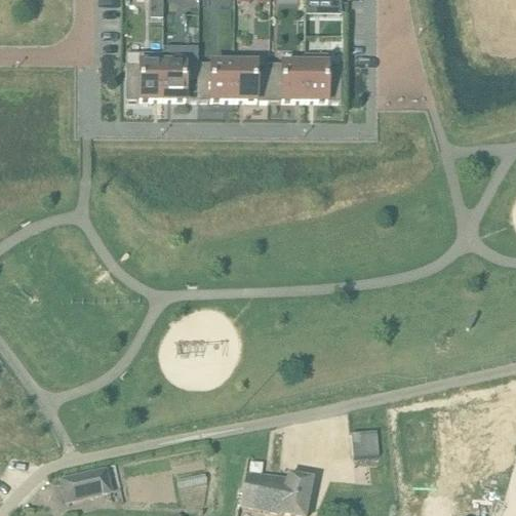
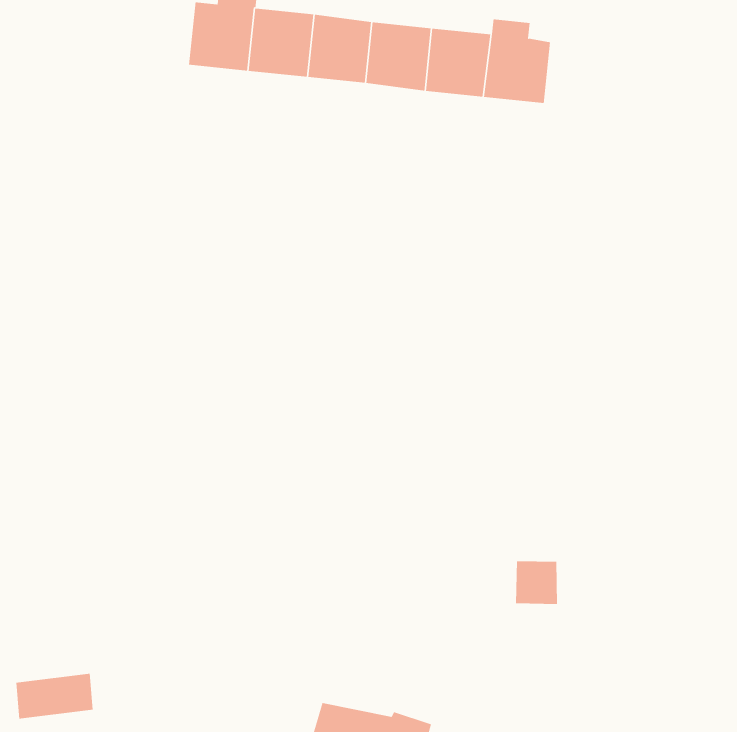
building: [352,427,380,454] -> [515,561,558,605]

